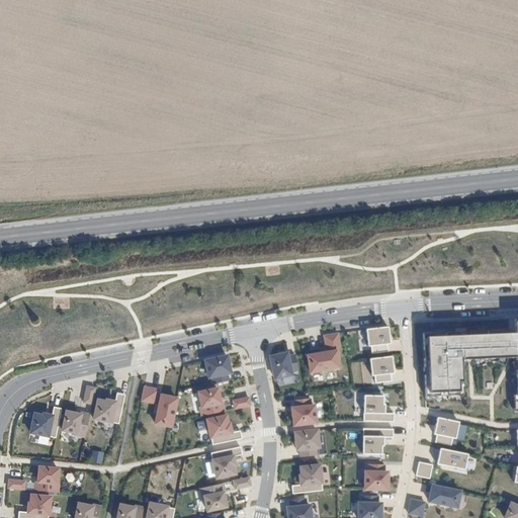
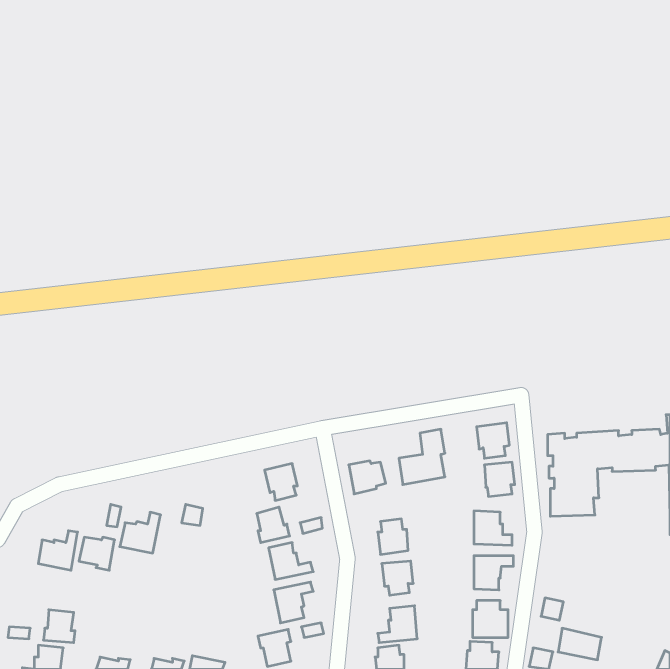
building: [154,396,175,427] -> none
building: [436,416,460,443] -> none
building: [438,446,470,469] -> none

